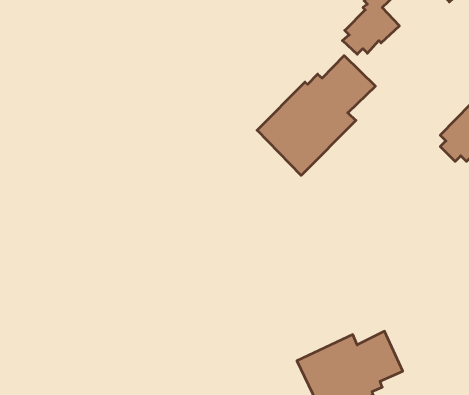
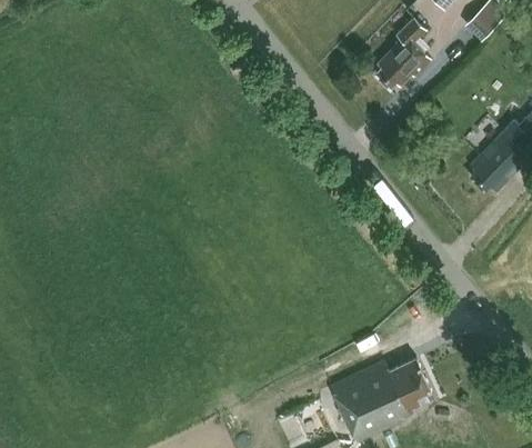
building: [257,56,375,175] -> none

